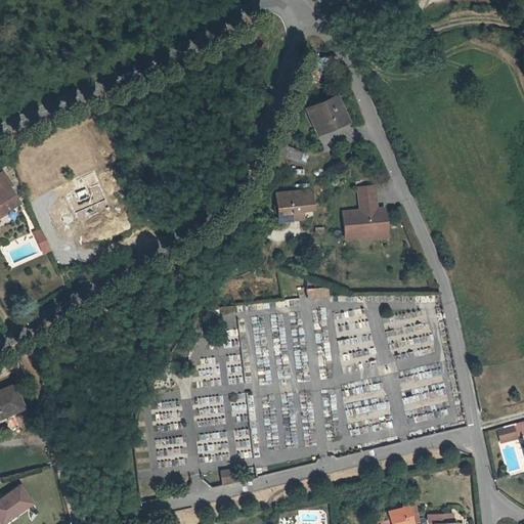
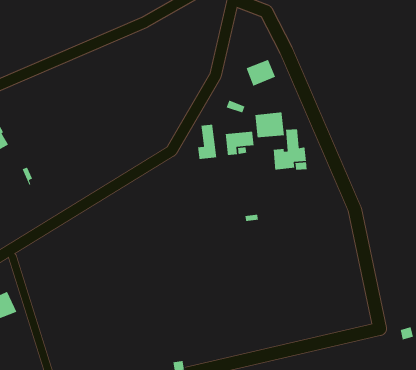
building: none -> [254,111,285,138]
building: none -> [197,124,217,160]

